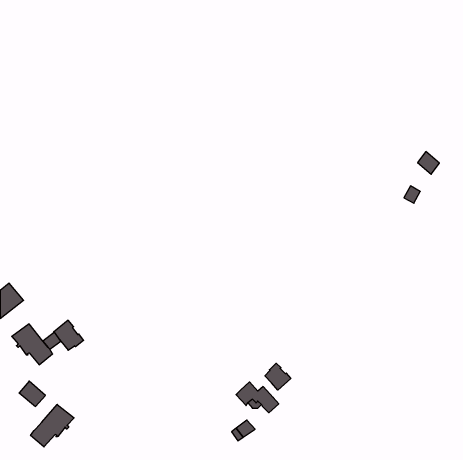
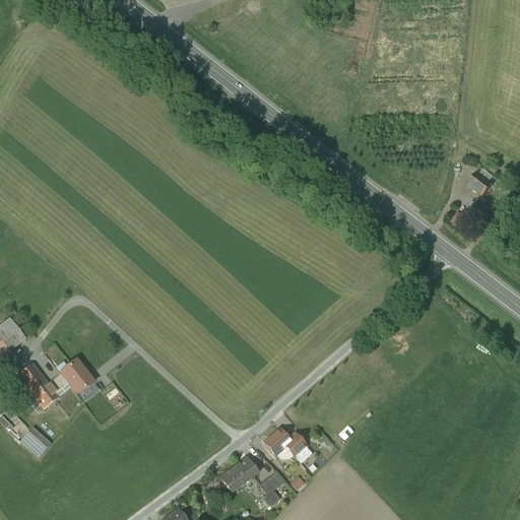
building: [265,363,291,390] -> none
building: [31,404,74,447] -> none
building: none -> [220,456,259,492]

